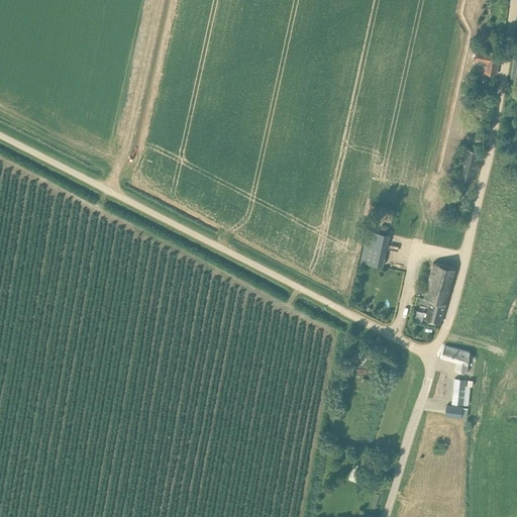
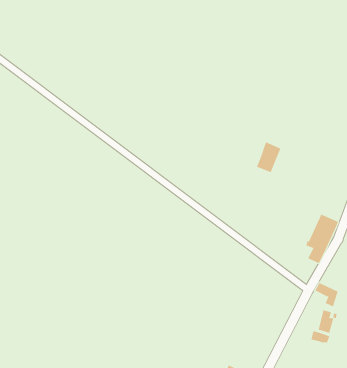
building: [361,231,388,268] -> [256,142,281,173]

